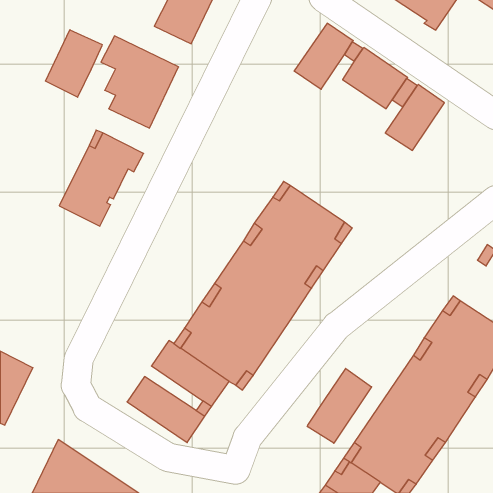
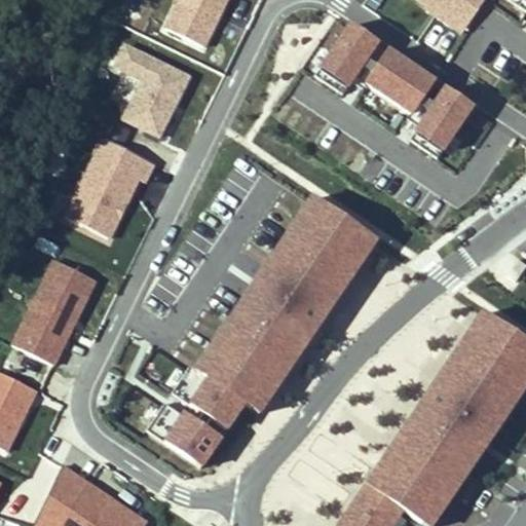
building: [45,30,102,97] -> none
building: none -> [13,258,98,365]
building: [307,368,372,443] -> none

